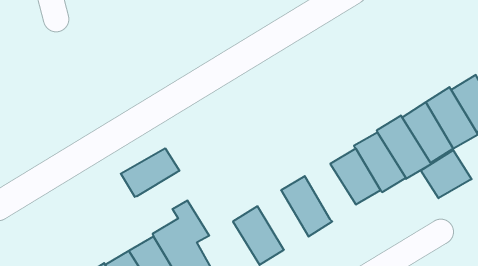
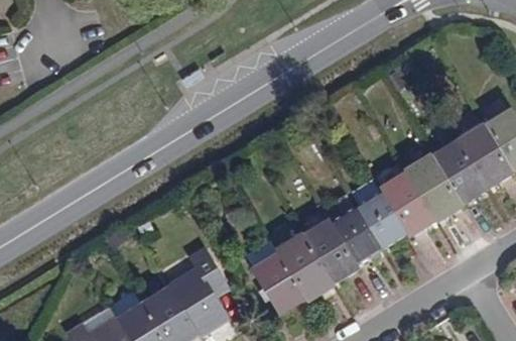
building: [121,148,179,197] -> none
building: [421,150,472,198] -> none
building: none -> [330,206,383,265]
building: none -> [276,233,335,300]

